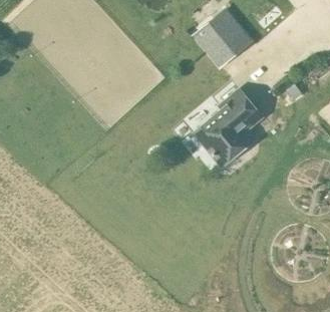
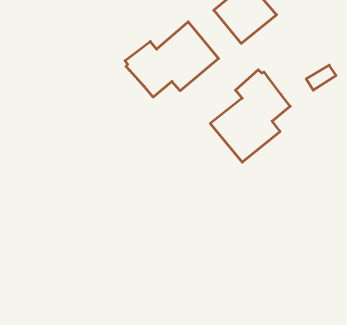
building: none -> [125,22,219,97]

